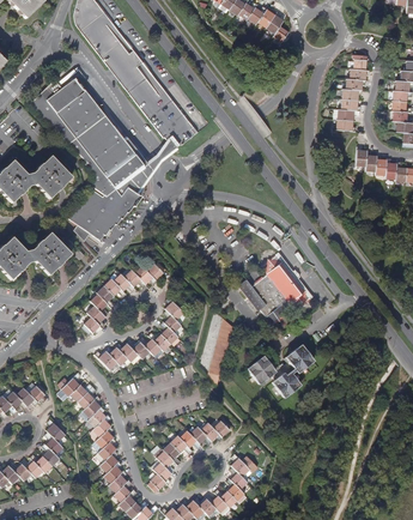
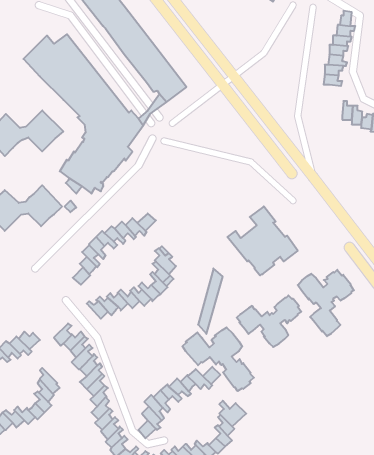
building: none -> [298,270,354,336]
building: none -> [182,327,254,391]

